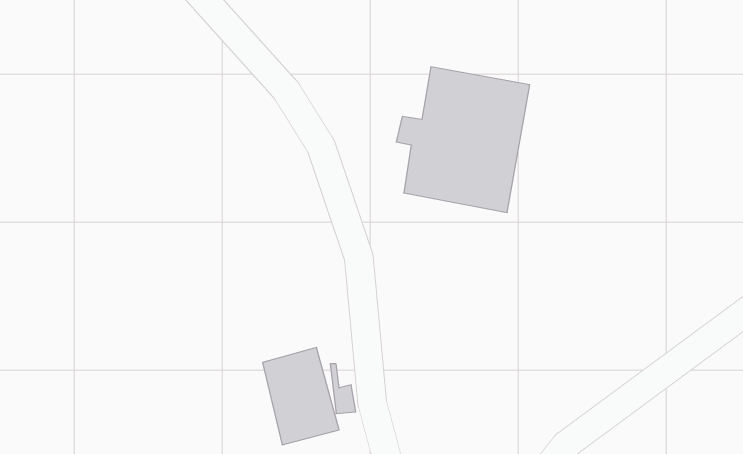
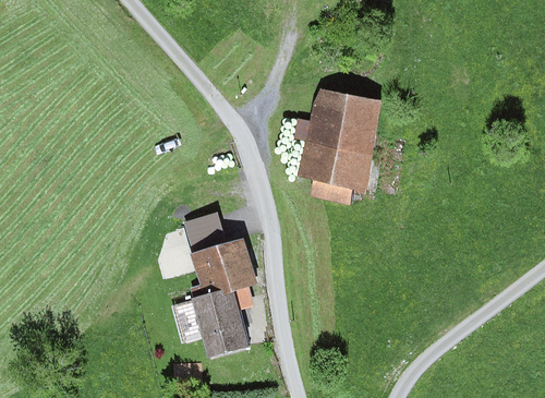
building: none -> [179,206,253,302]

